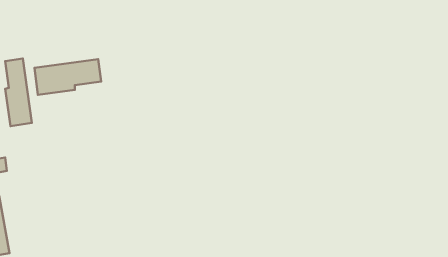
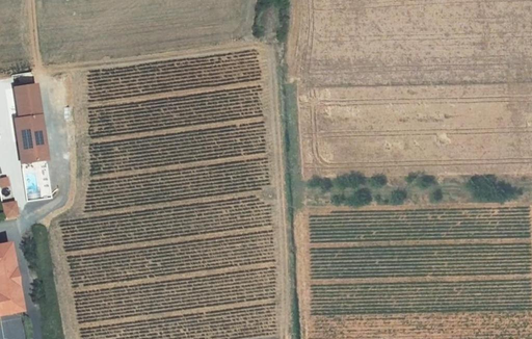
building: [35,59,101,95] -> none

